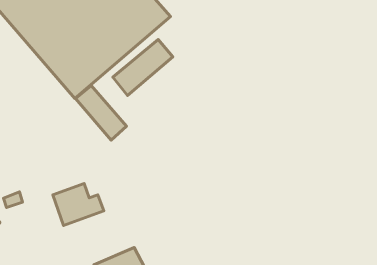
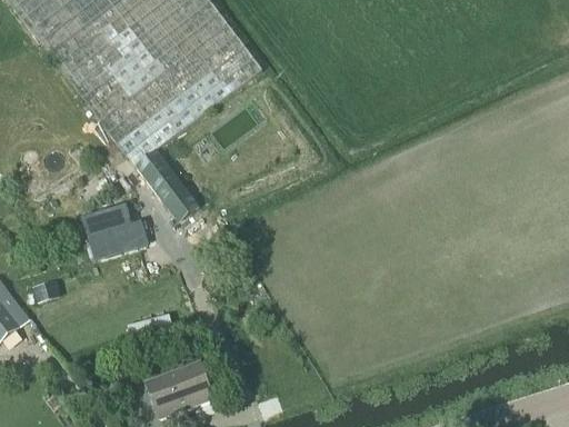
building: [113,40,173,95] -> none
building: [53,183,104,225] -> [81,203,146,256]

